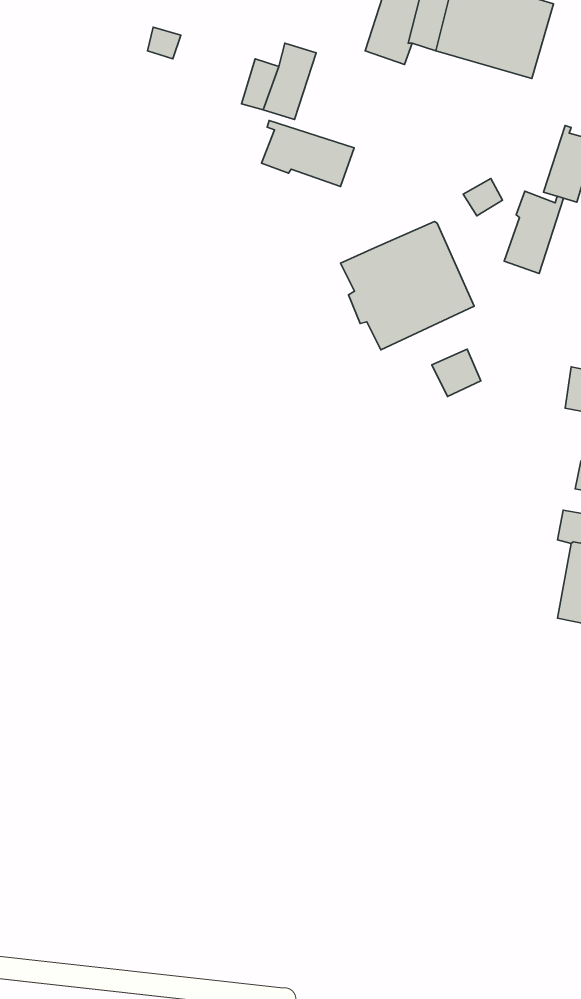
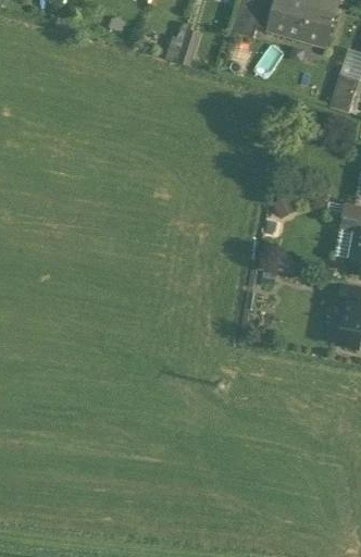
building: [262,120,354,186] -> none
building: [504,191,564,273] -> none
building: [341,222,474,350] -> none

